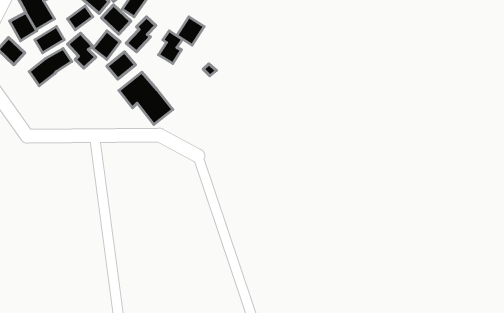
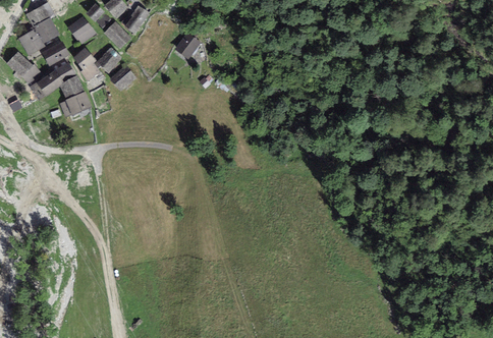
building: [126,17,156,52] -> none
building: [159,31,183,63] -> none
building: none -> [59,75,92,118]
building: [119,72,173,124] -> none

